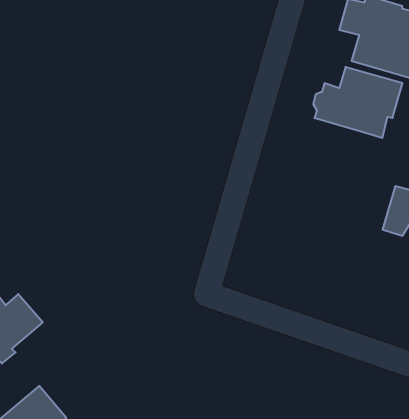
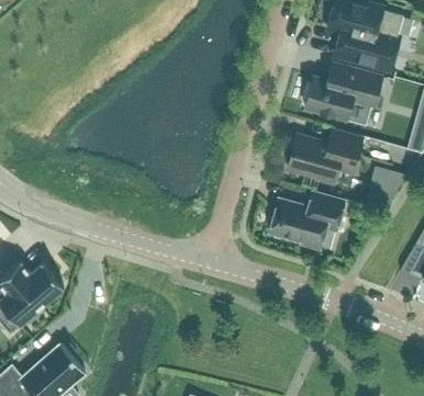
building: none -> [287,129,361,181]
building: none -> [269,192,344,249]

